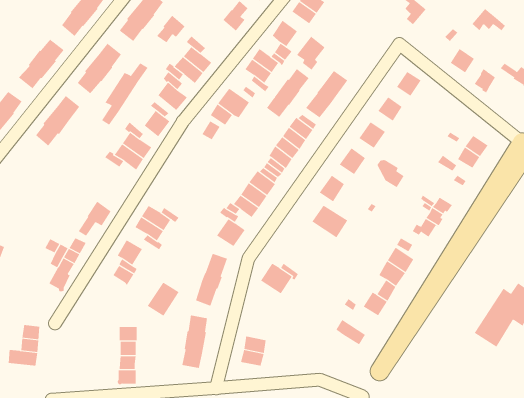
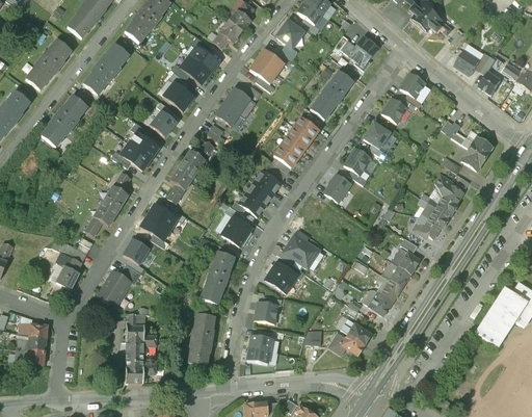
building: [471,8,506,31] -> [417,10,451,33]
building: [156,15,186,43] -> [212,21,241,49]
building: [296,36,325,70] -> [348,36,377,71]
building: [101,63,148,125] -> [166,141,213,204]
building: [266,68,310,118] -> none
building: [376,160,405,189] -> [434,176,462,205]
building: none -> [103,172,130,211]
building: [312,205,348,238] -> [283,235,319,268]
building: [147,282,179,316] -> [98,271,130,306]
building: none -> [254,302,277,324]
building: none -> [328,333,364,355]

